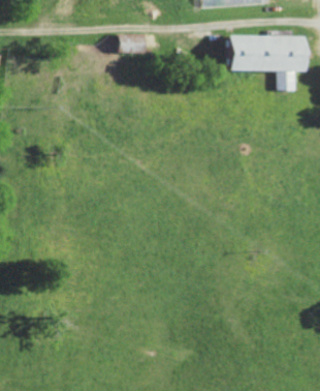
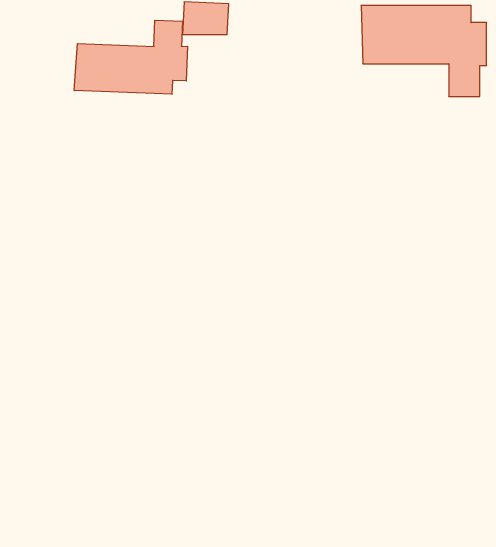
building: none -> [74,20,188,94]

